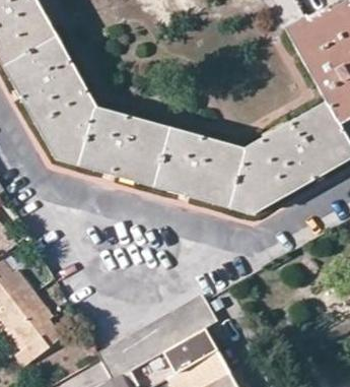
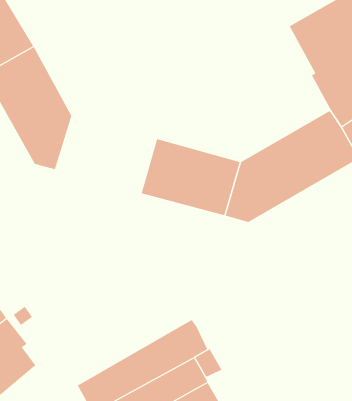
building: [78,111,169,181] -> none

